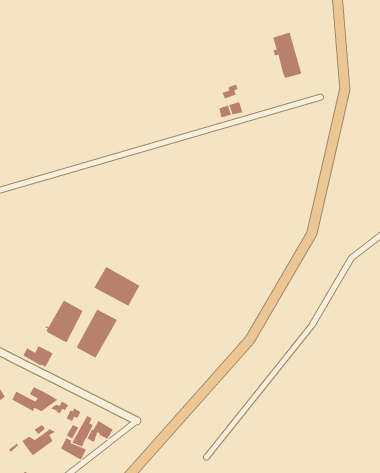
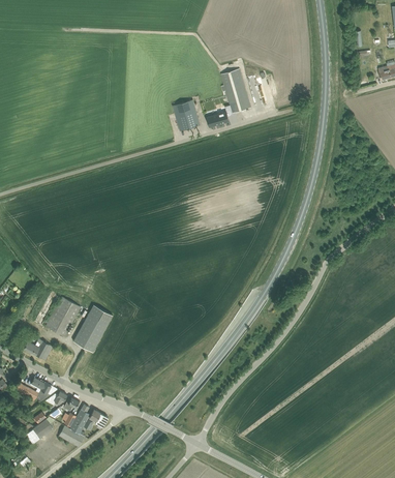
building: [272,32,302,78] -> [221,68,249,112]
building: none -> [173,99,201,130]
building: [94,266,140,307] -> none

